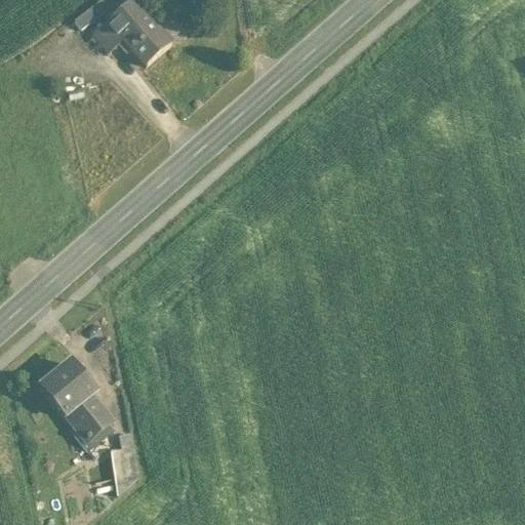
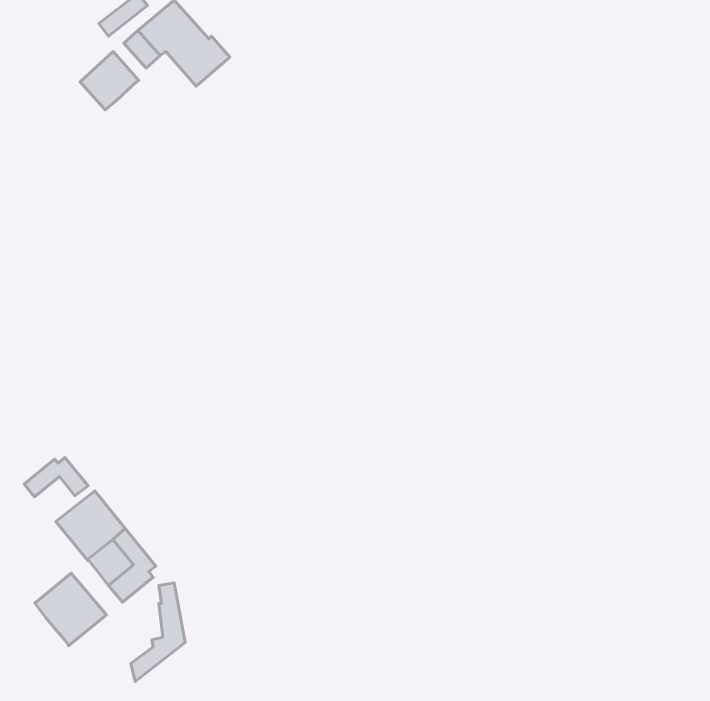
building: none -> [80,52,139,110]
building: none -> [24,457,88,497]
building: none -> [35,573,106,646]

